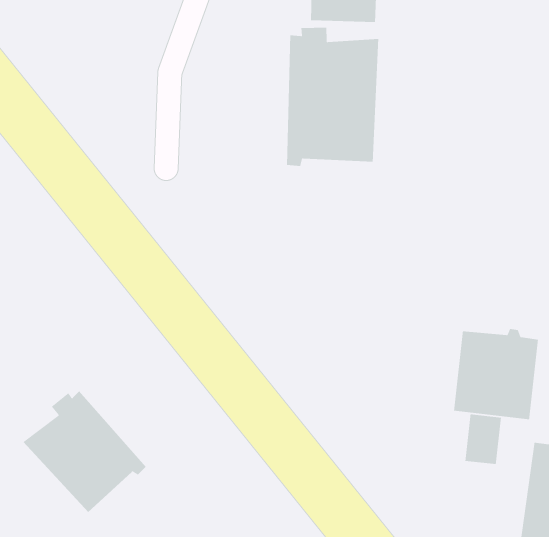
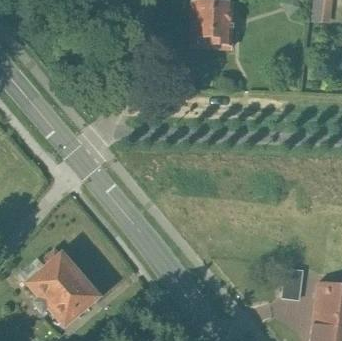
building: [286,27,379,167] -> none
building: [453,328,539,420] -> none

